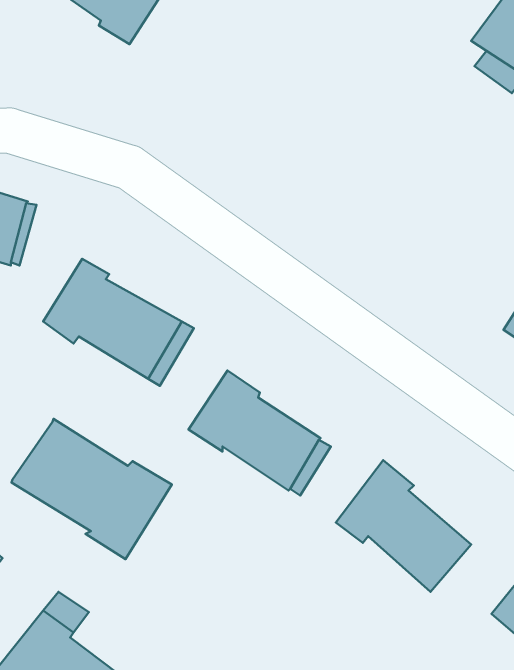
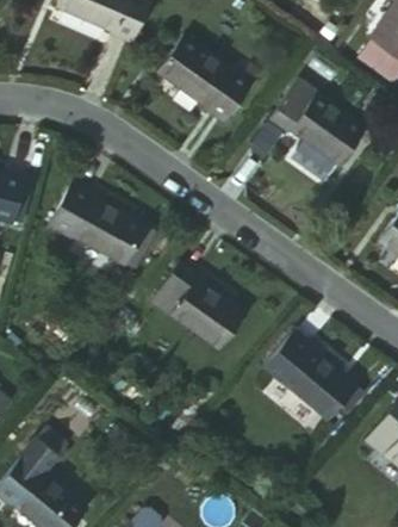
building: none -> [160,49,254,134]
building: none -> [270,86,368,176]
building: [11,419,172,559] -> none

